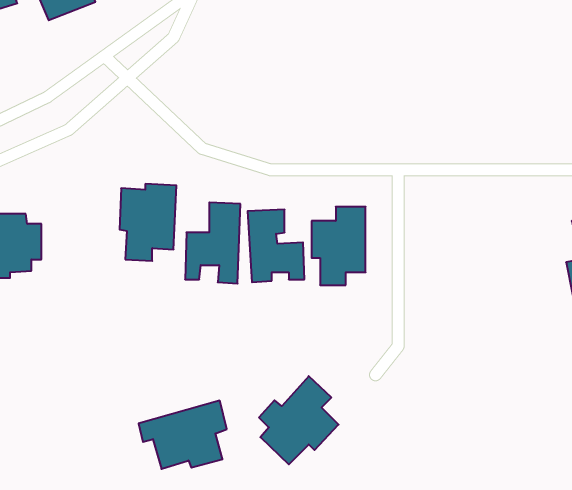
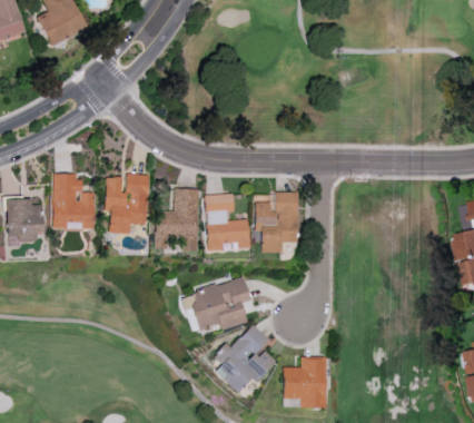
building: none -> [51,175,93,229]
building: [139,401,227,469] -> [180,277,249,331]
building: none -> [282,357,324,409]

